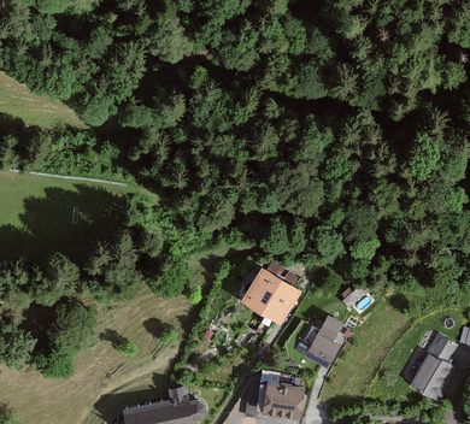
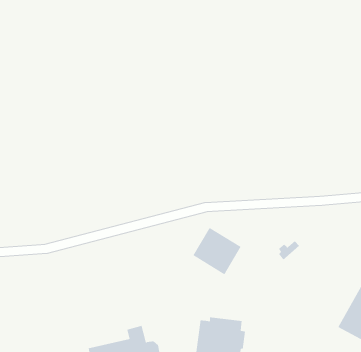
building: [304,317,341,367] -> none

